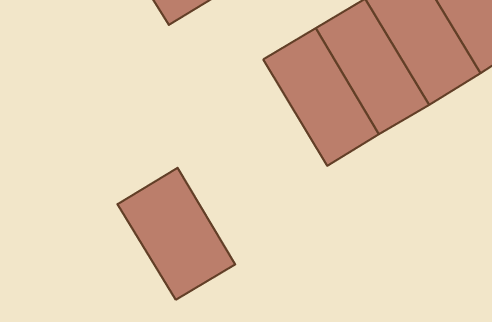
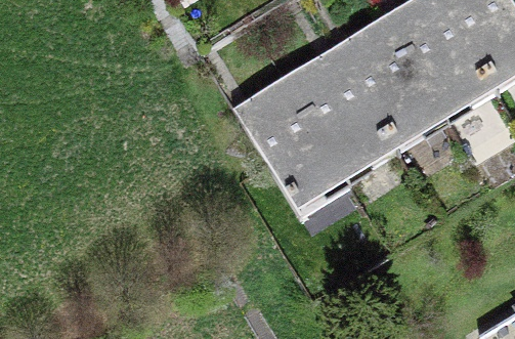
building: none -> [233,73,348,206]
building: [117,168,235,300] -> none

